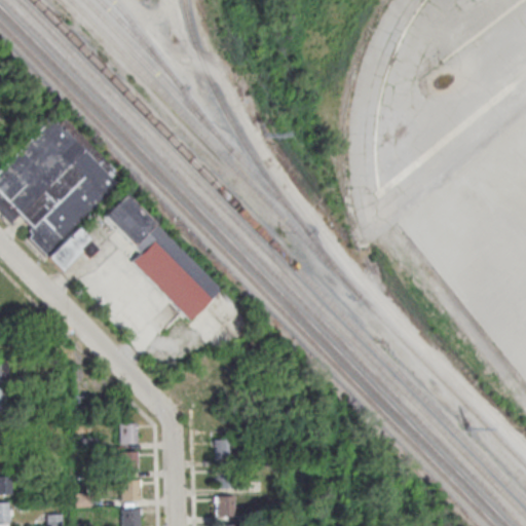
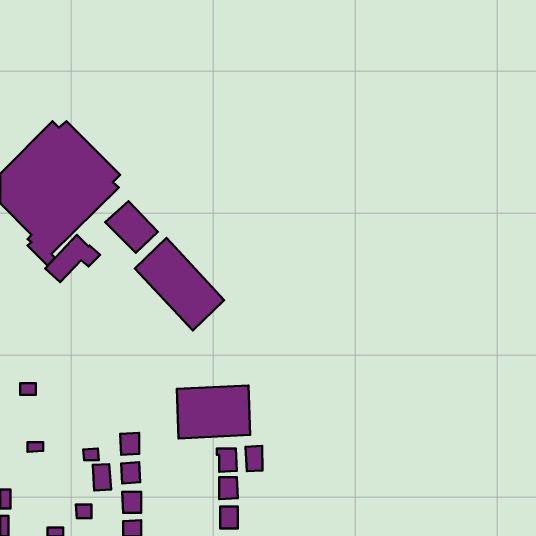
building: none -> [177,385,250,438]
building: none -> [246,446,262,471]
building: none -> [93,464,111,490]

